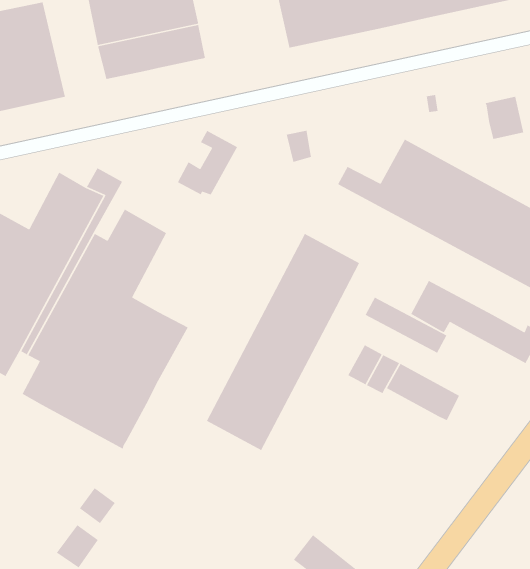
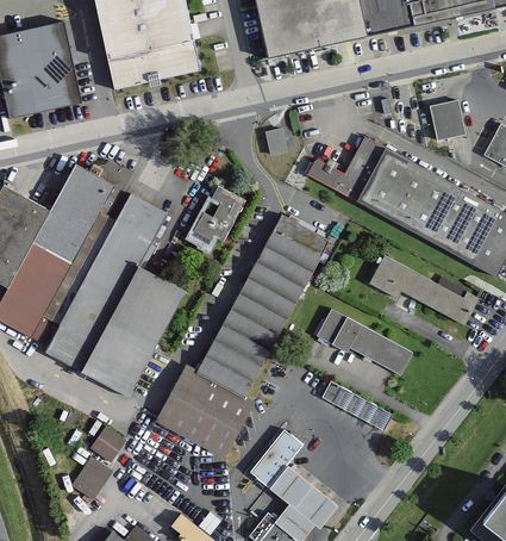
building: [177,130,238,195] -> [194,186,245,241]
building: [365,297,447,354] -> [323,381,392,429]
building: none -> [157,366,254,455]
building: none -> [250,429,302,487]

